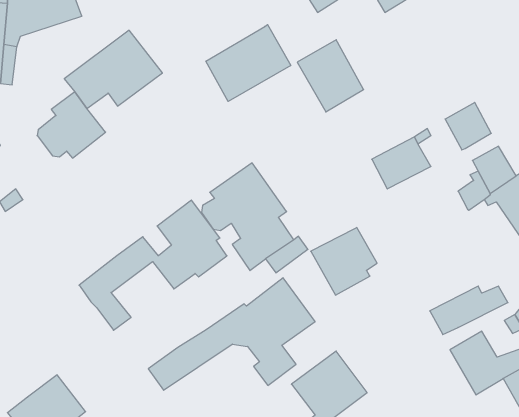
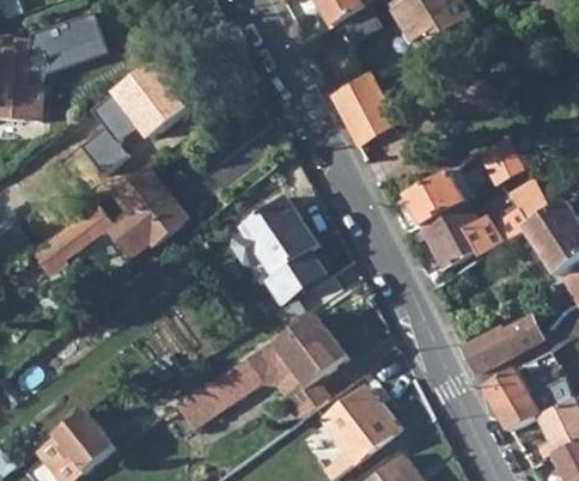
building: [206,25,291,101] -> none
building: [79,200,227,330] -> [32,166,182,298]
building: [311,228,377,295] -> [419,201,486,269]

